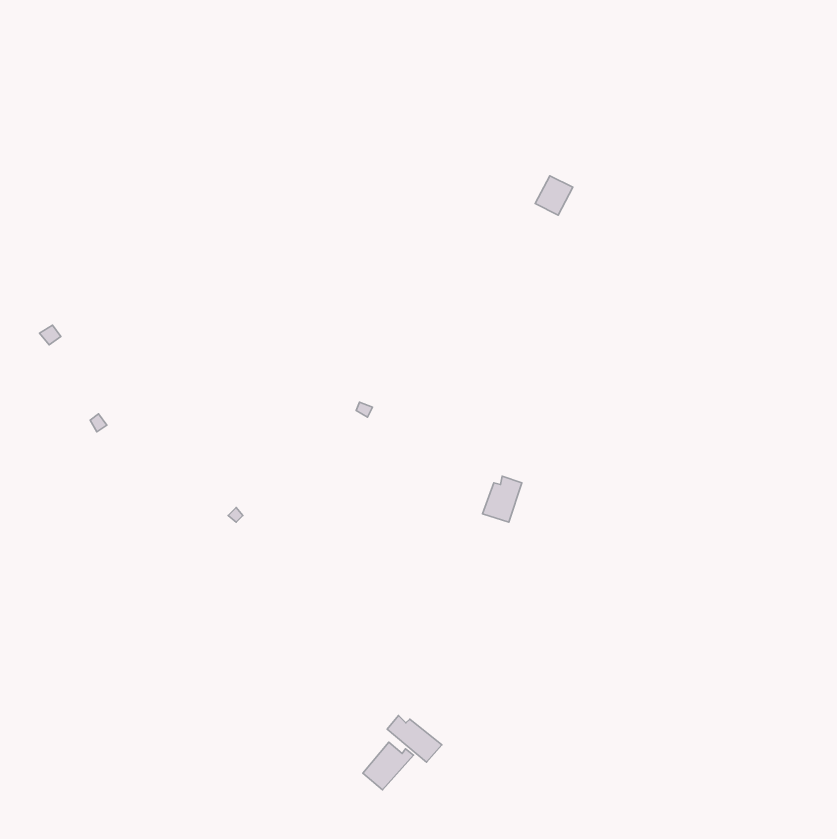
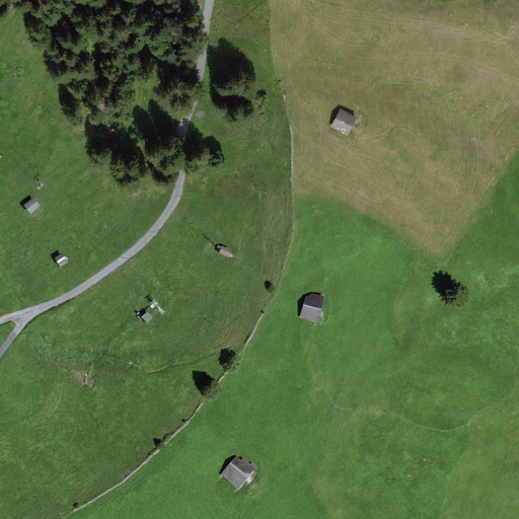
building: [387,716,442,762] -> none

